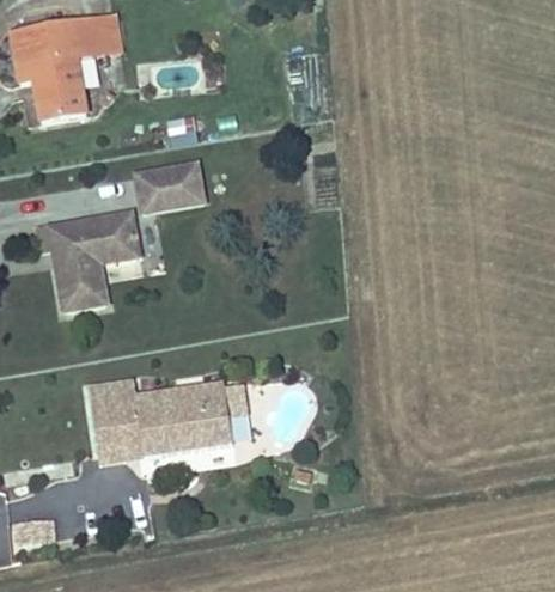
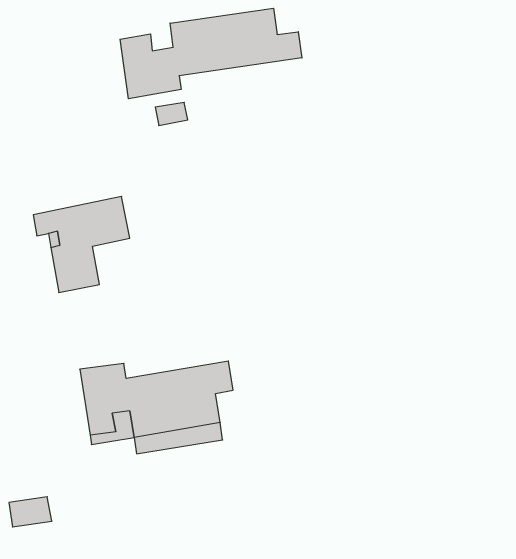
building: [12,12,121,122] -> none
building: none -> [120,8,302,99]
building: [133,160,201,209] -> none

